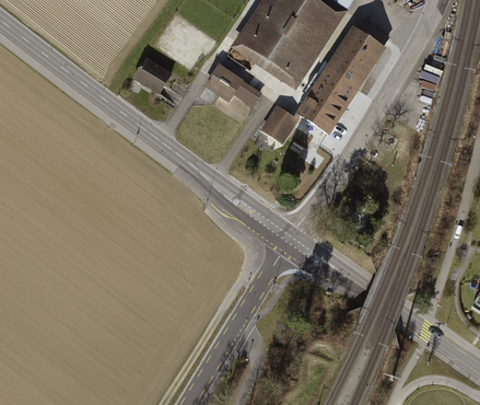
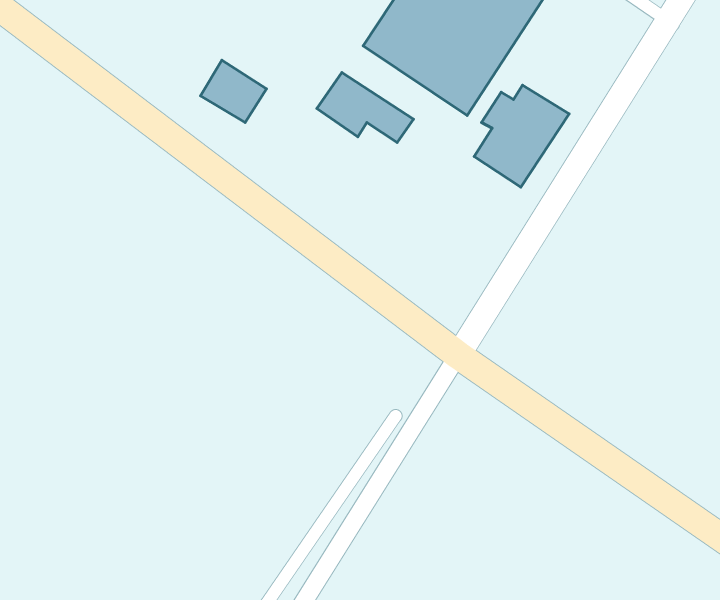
building: [329,30,383,88] -> none
building: [261,109,300,149] -> none

